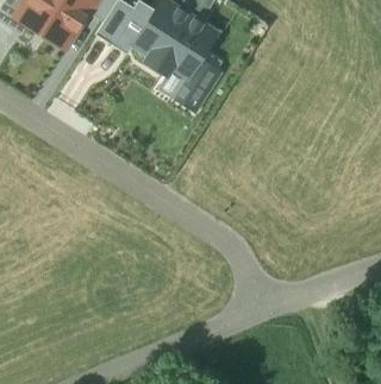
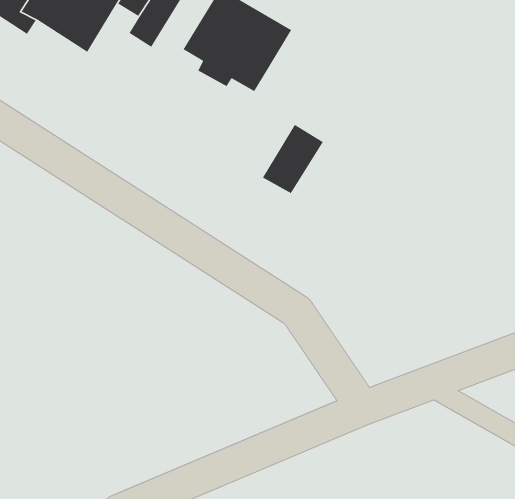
building: [175,58,220,109] -> [262,124,324,194]

